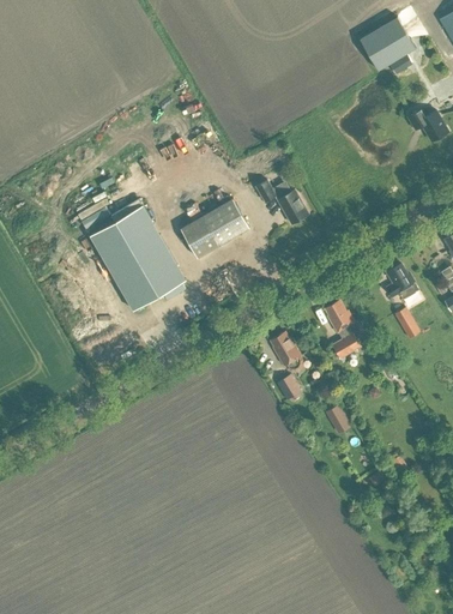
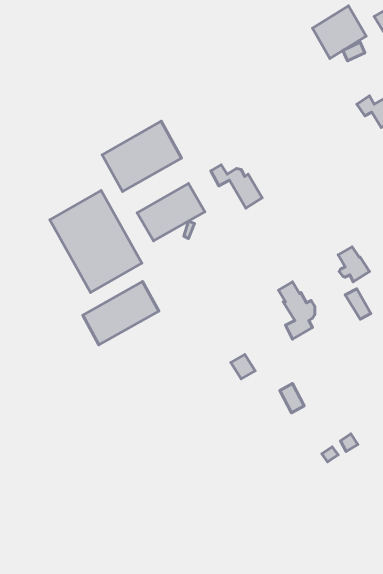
building: none -> [102,121,182,192]
building: none -> [83,281,159,345]
building: [270,330,303,371] -> none

